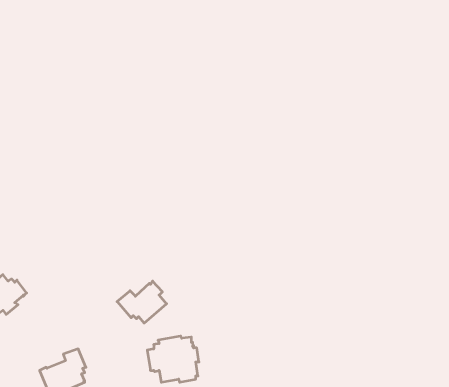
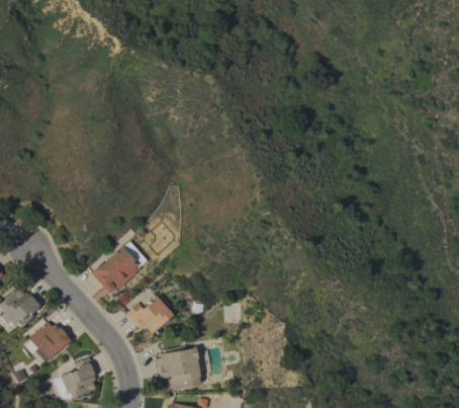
building: none -> [91,245,142,294]
building: none -> [29,321,73,361]

